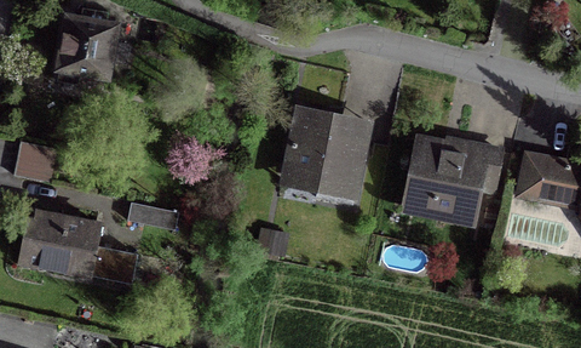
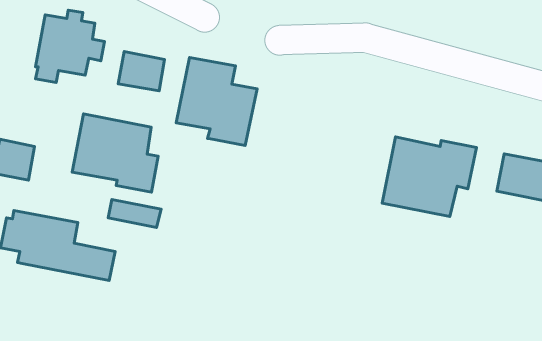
building: none -> [118,51,165,91]
building: [284,110,366,199] -> [176,57,257,146]
building: none -> [72,114,158,192]

